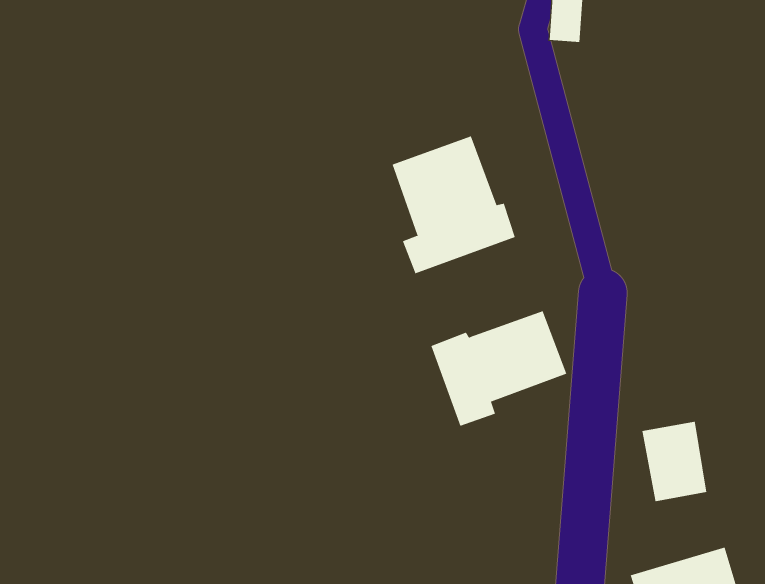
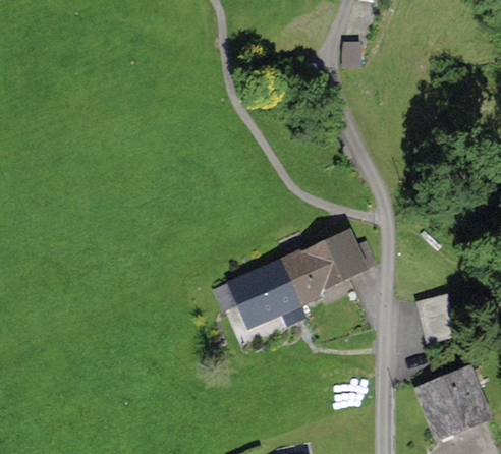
building: [392,136,516,274] -> none
building: none -> [230,259,310,328]

